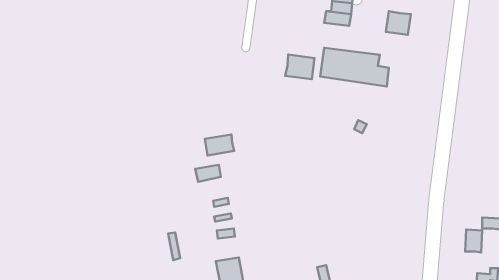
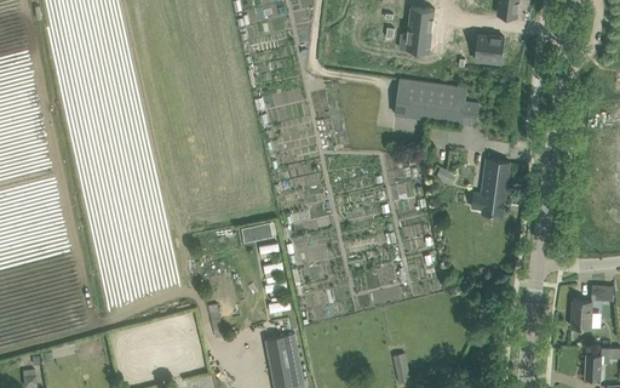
building: [285,55,315,79] -> none
building: none -> [471,160,509,216]
building: [205,134,234,155] -> none

